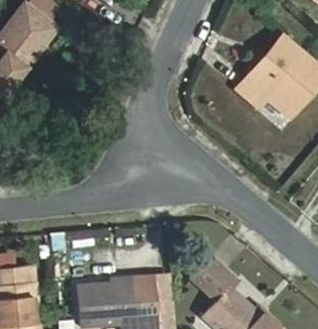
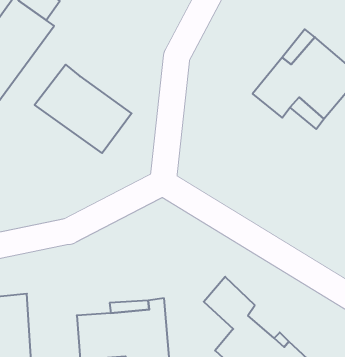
building: none -> [35,65,132,153]

